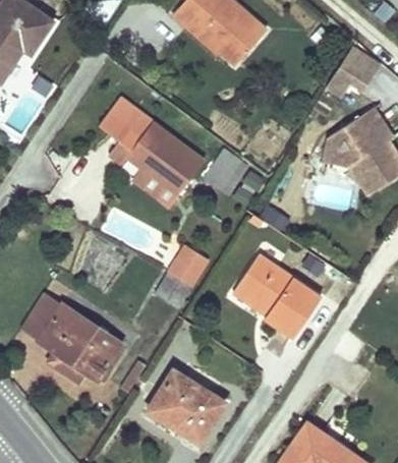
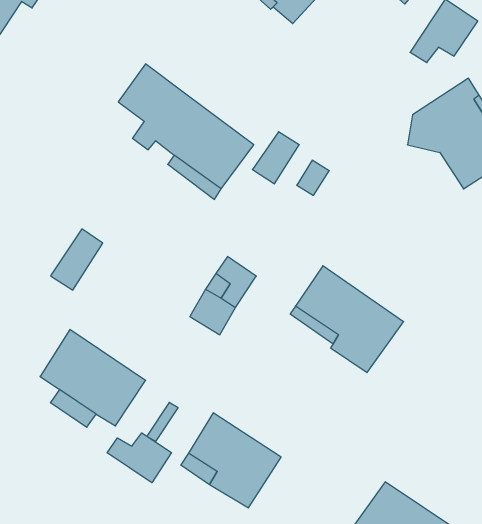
building: [20,293,61,341] -> [51,229,103,290]
building: none -> [107,433,171,483]

